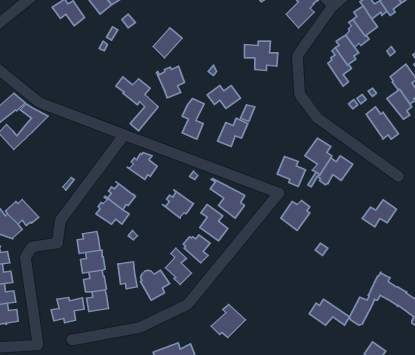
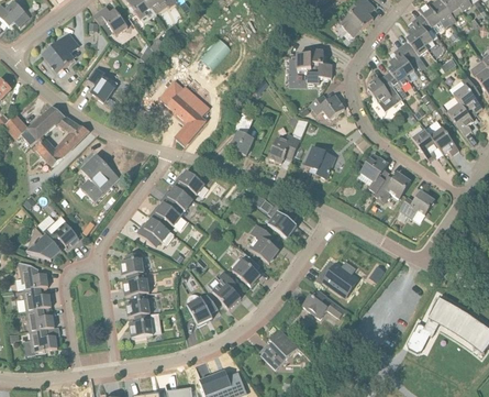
building: none -> [43,32,79,71]
building: none -> [89,67,114,101]
building: none -> [367,74,401,110]
building: [156,66,184,98] -> none
building: [207,86,241,108] -> [310,93,345,118]
building: none -> [412,128,443,159]
building: none -> [81,153,113,200]
building: [277,156,305,187] -> [304,145,334,177]
building: [162,190,194,218] -> [160,184,193,213]
building: [362,200,397,227] -> [399,189,435,218]
building: [281,200,310,231] -> [325,263,356,295]
building: [118,262,137,289] -> none
building: [51,297,84,323] -> none
building: [309,299,350,325] -> [302,289,345,317]

